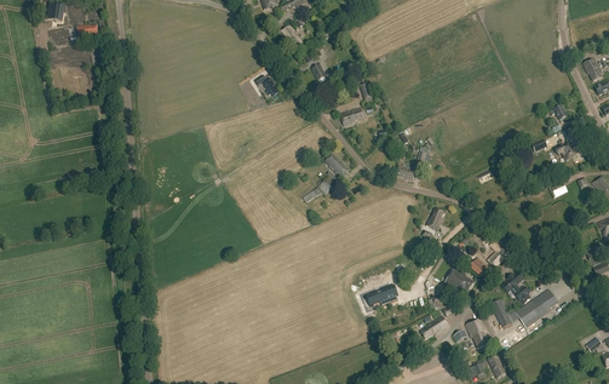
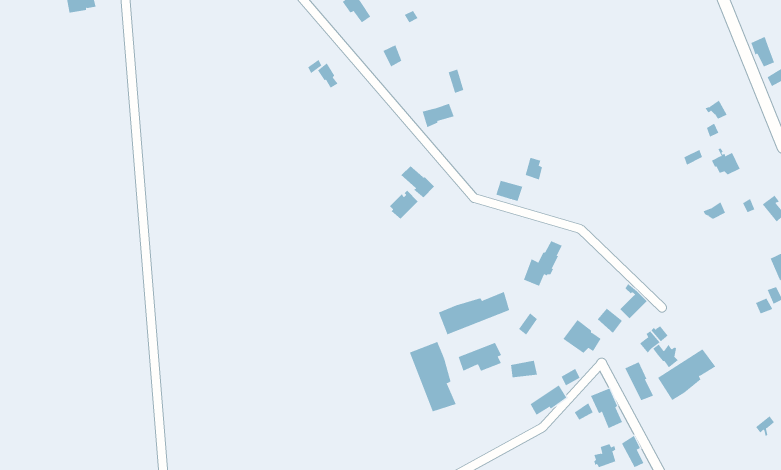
building: none -> [438,291,510,335]
building: none -> [409,341,456,412]

